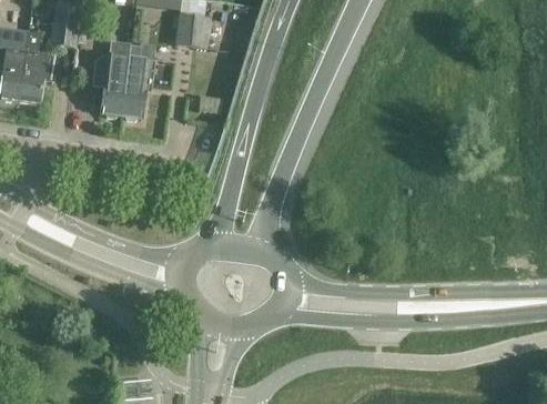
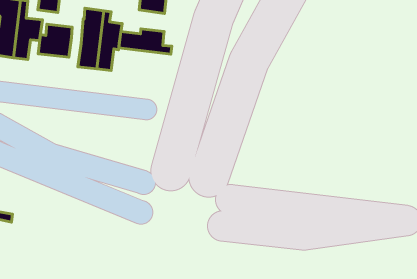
building: none -> [38,24,72,57]
building: none -> [119,29,172,54]

